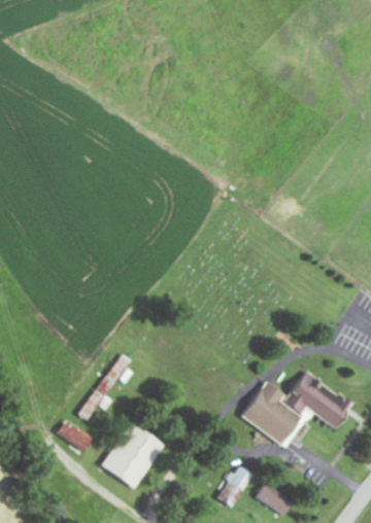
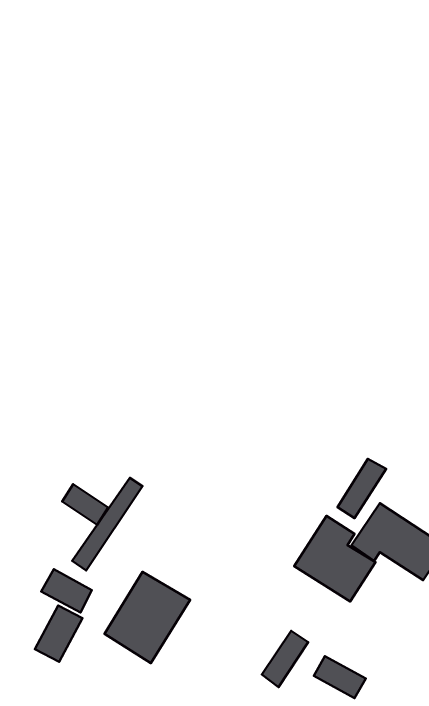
building: none -> [337,459,386,518]
building: none -> [62,484,108,525]
building: none -> [35,606,82,662]

